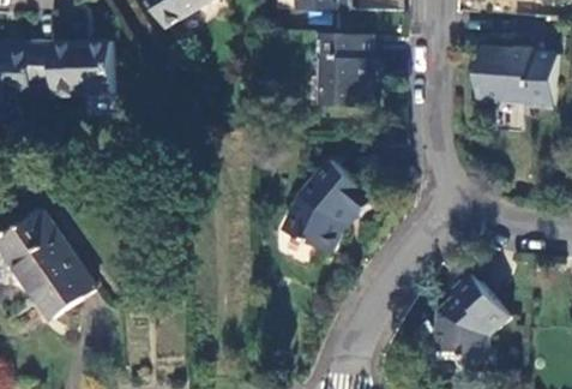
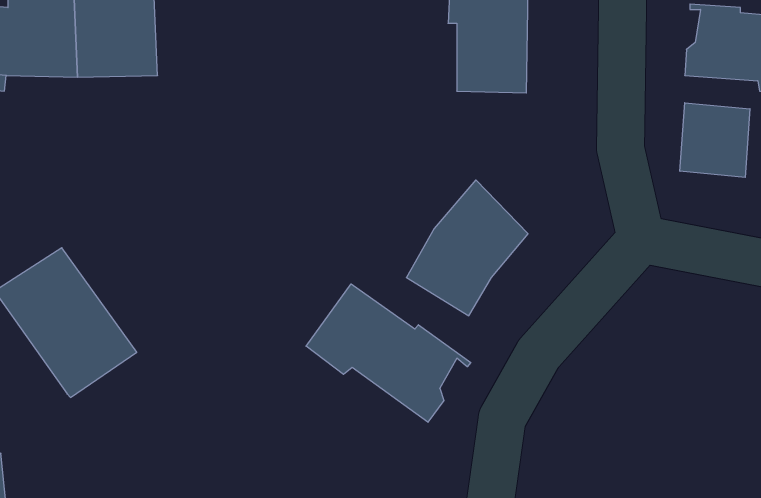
building: none -> [680,103,750,177]
building: none -> [306,284,471,422]
building: [434,271,506,357] -> none

